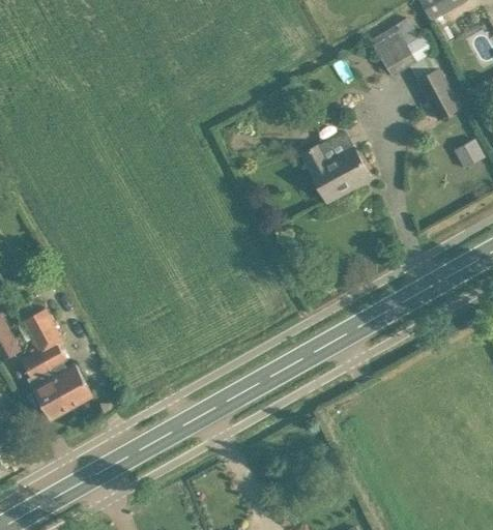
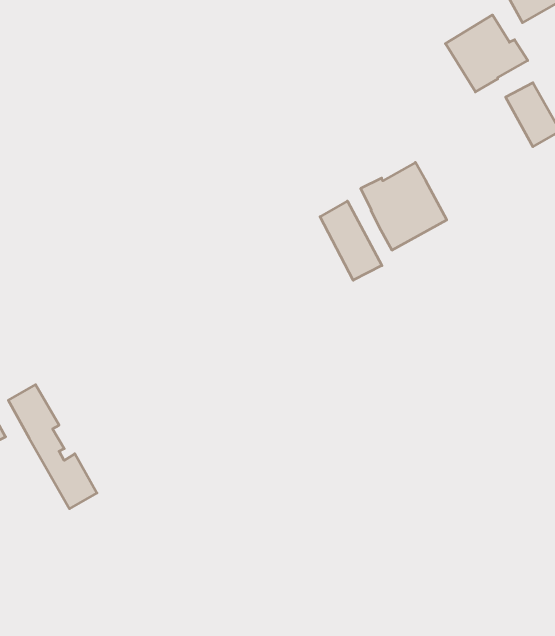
building: none -> [320,201,382,280]
building: [23,350,70,418] -> none

